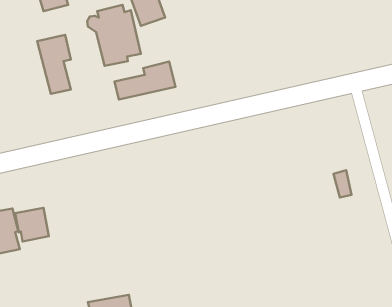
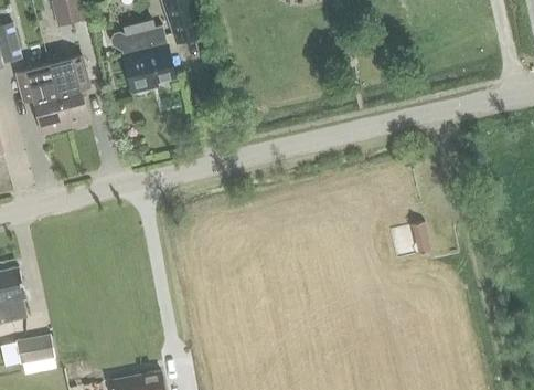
building: none -> [17,63,65,134]
building: [114,62,176,99] -> none
building: [15,208,49,241] -> [15,334,56,375]

